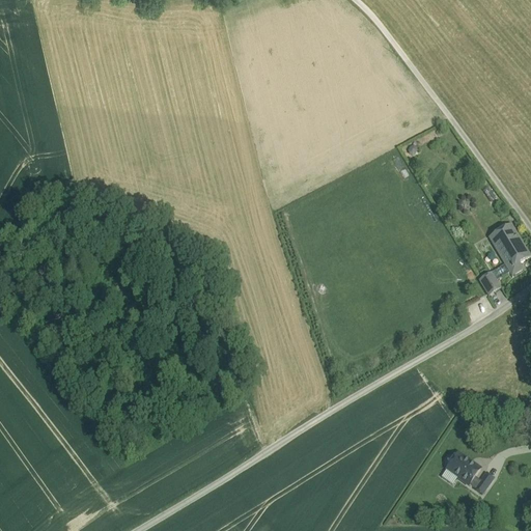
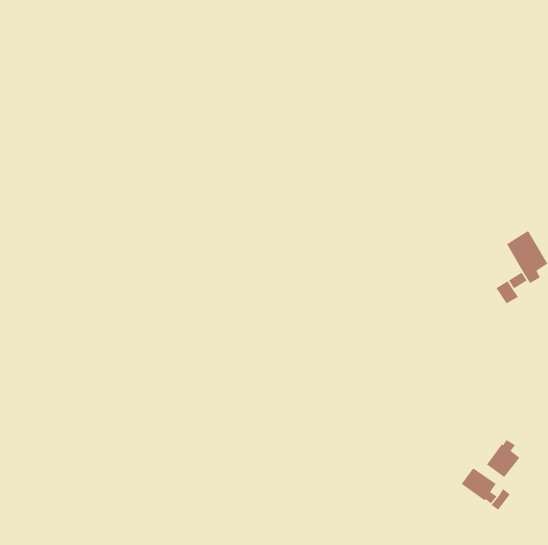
building: none -> [486,439,520,478]

